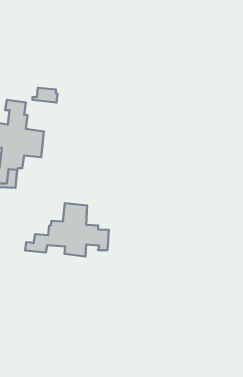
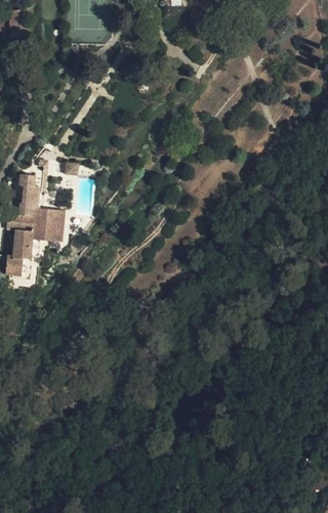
building: [25,203,109,257] -> none

